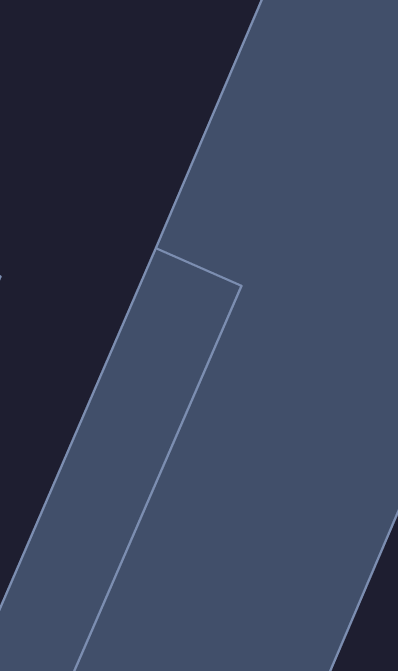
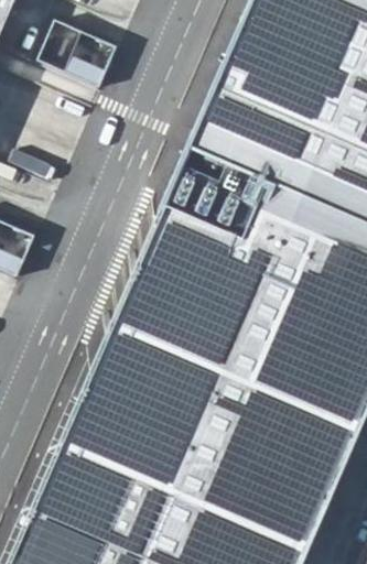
building: none -> [37,19,112,85]

